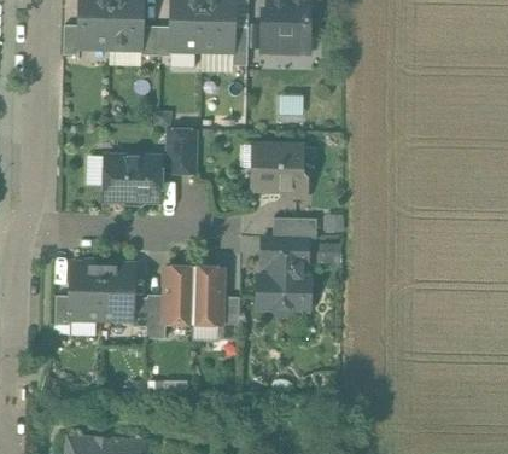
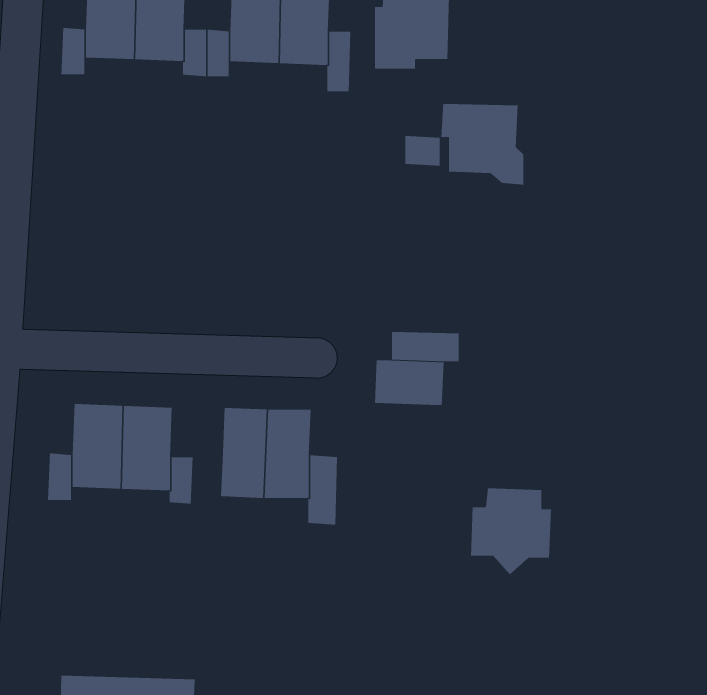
building: [167,129,195,174] -> none
building: [252,146,305,198] -> [441,103,524,185]
building: [104,157,160,202] -> none
building: [257,264,309,320] -> [470,488,552,575]
building: [146,296,165,339] -> none

